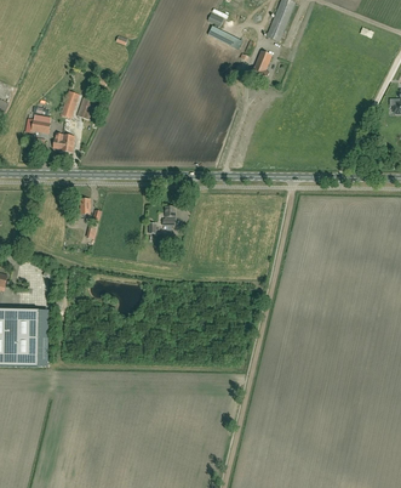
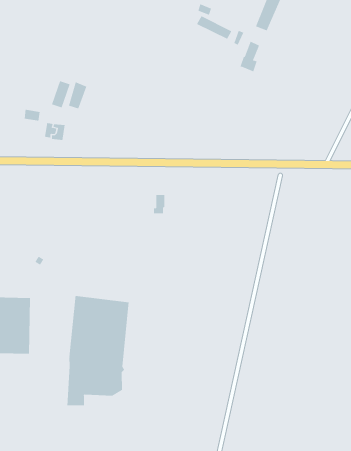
building: none -> [67,295,129,406]

